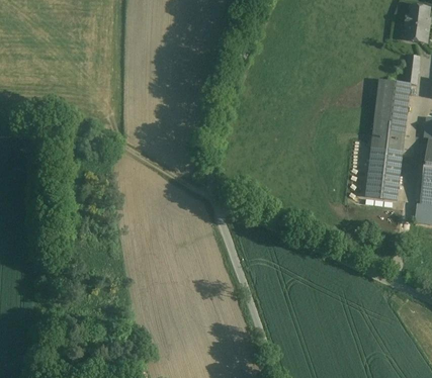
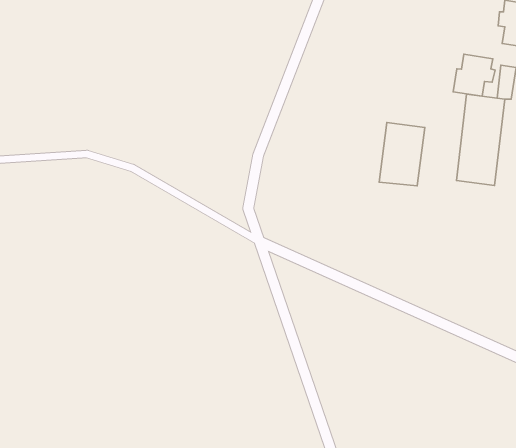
building: none -> [453,54,495,96]
building: [365,148,402,198] -> [379,122,425,186]

